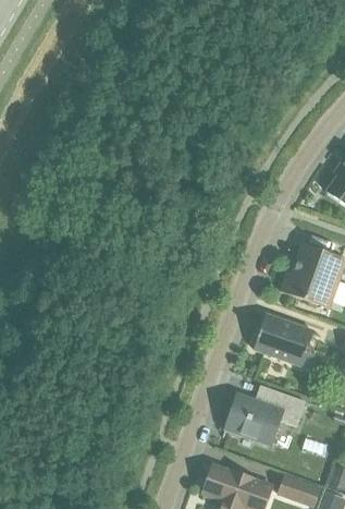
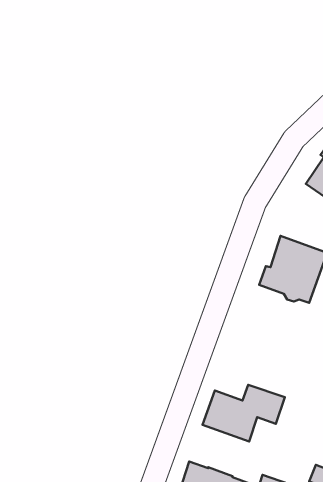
building: [254,313,313,365] -> none

